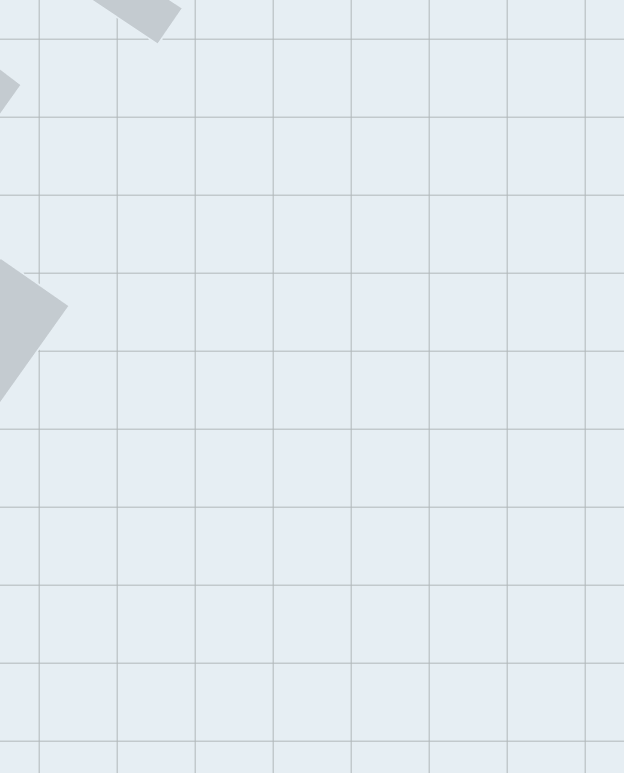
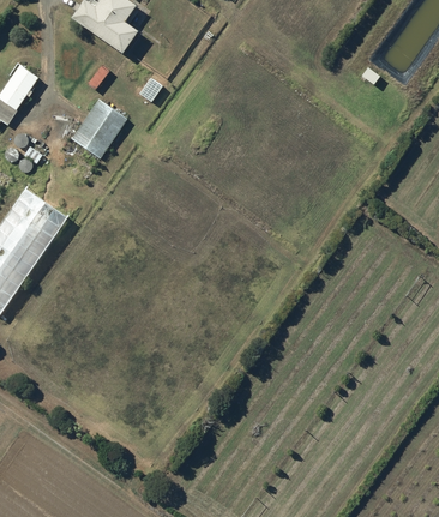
building: none -> [68,100,125,160]

